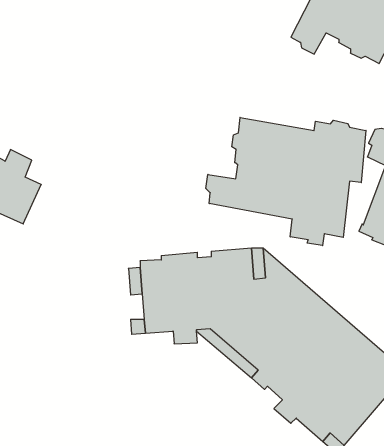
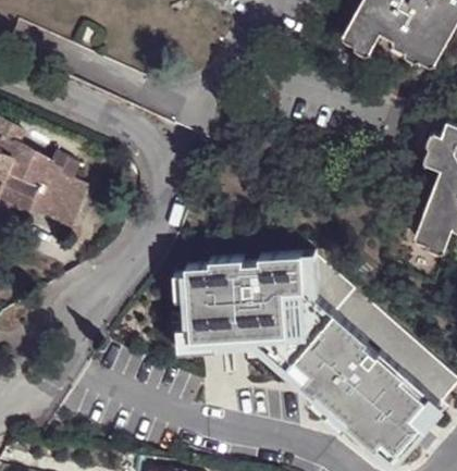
building: [206,117,366,246] -> none

